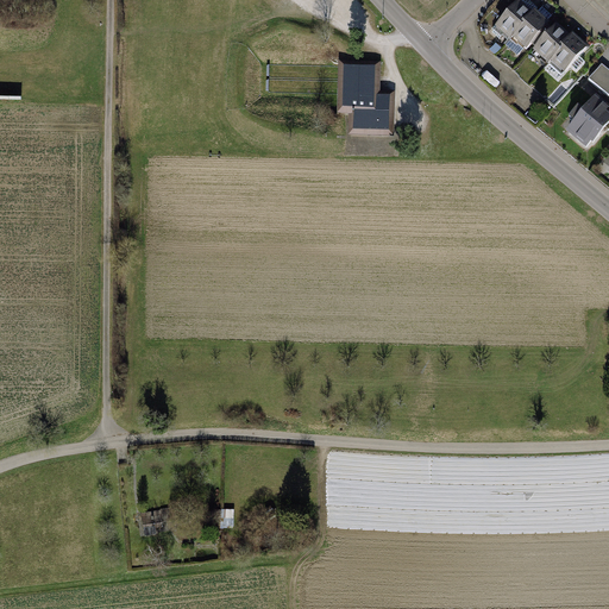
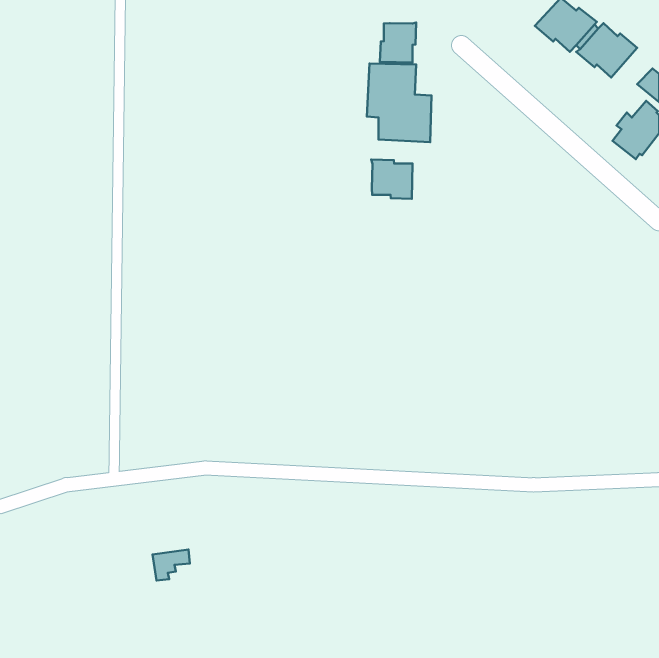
building: none -> [380,23,416,62]
building: none -> [371,160,412,199]

